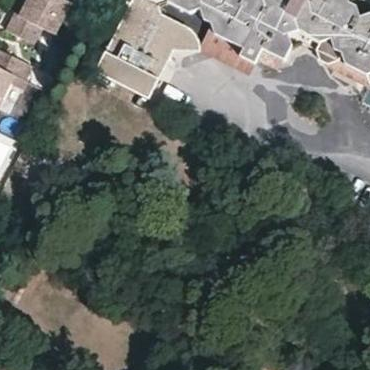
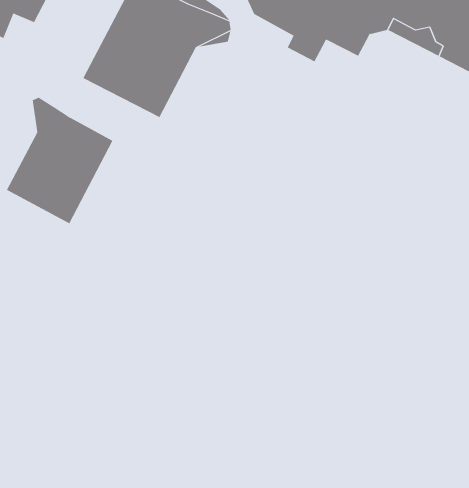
building: none -> [6,97,113,224]

